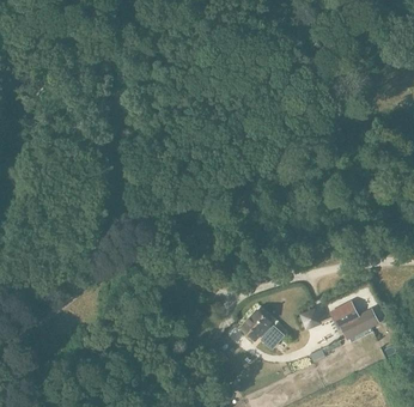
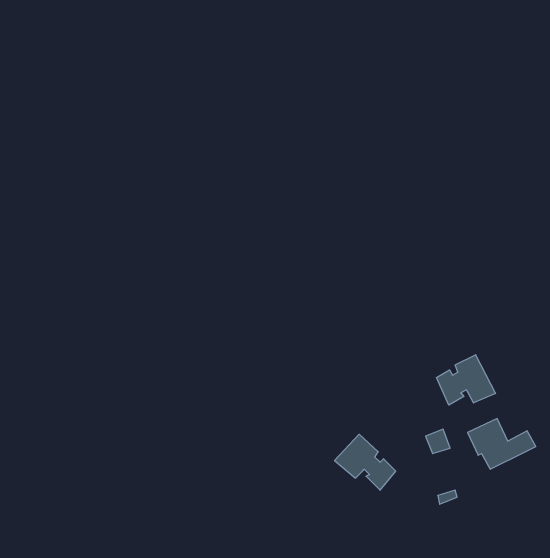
building: none -> [436,355,495,405]

